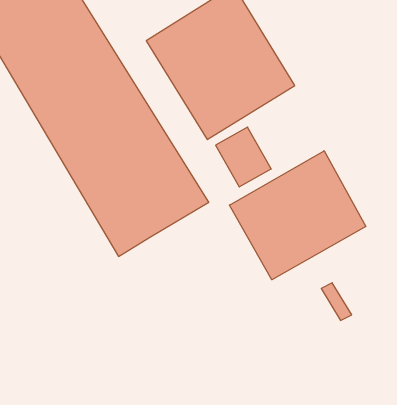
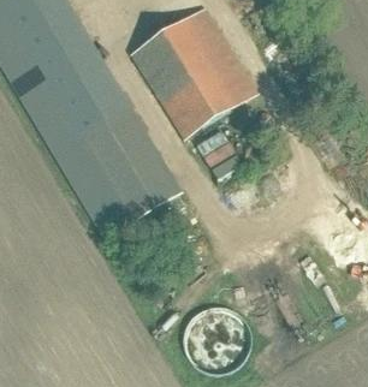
building: [229,151,366,280] -> none

